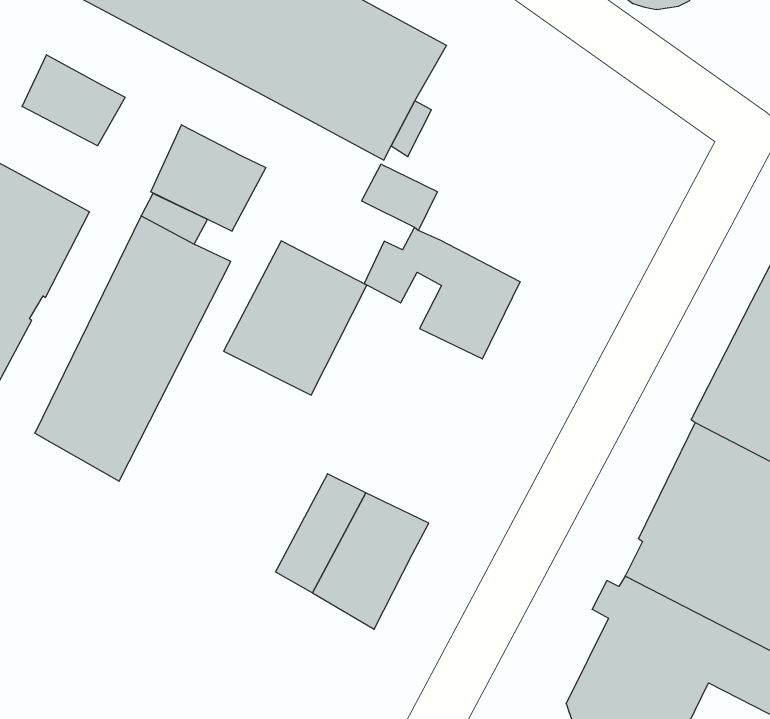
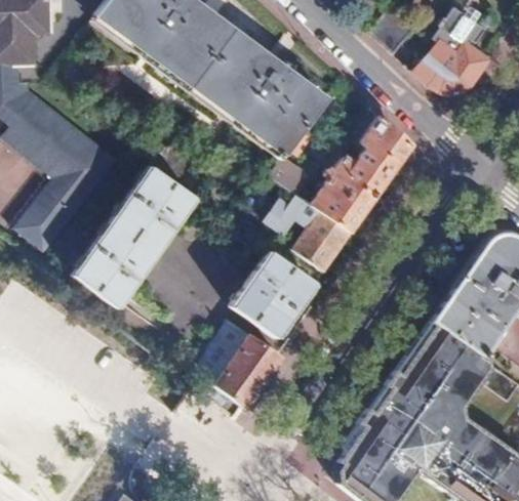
building: [22,55,125,146] -> none
building: none -> [309,114,410,232]
building: [151,125,266,231] -> none
building: [224,241,367,395] -> [230,251,313,337]

